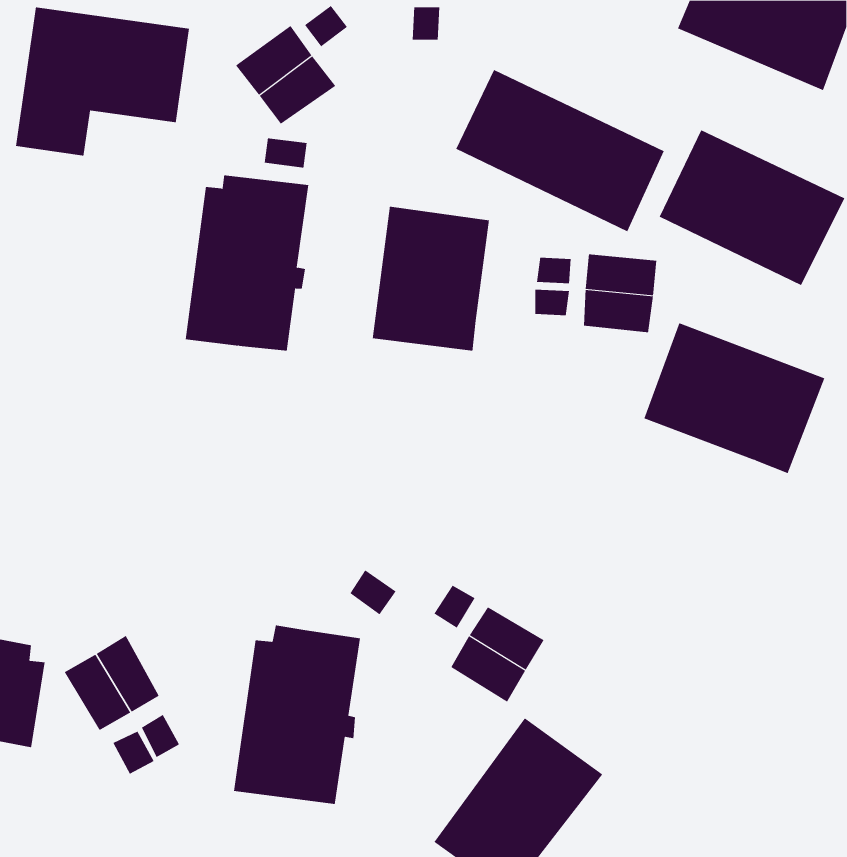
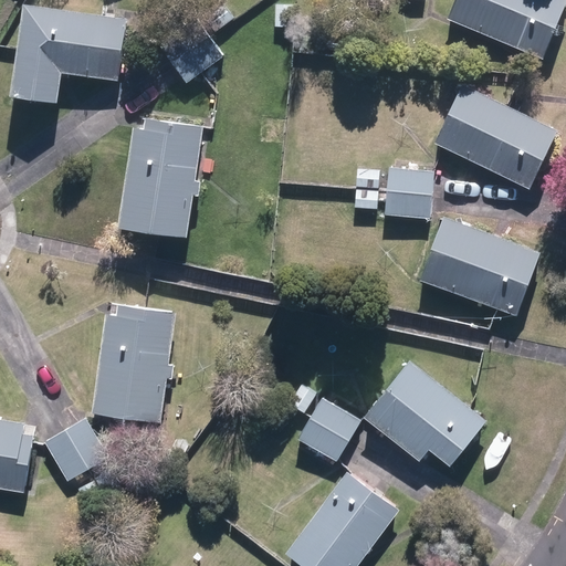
building: [456,69,665,232] -> none
building: [372,206,490,351] -> none
building: none -> [367,357,488,462]
building: [233,625,361,804] -> [94,300,178,418]

